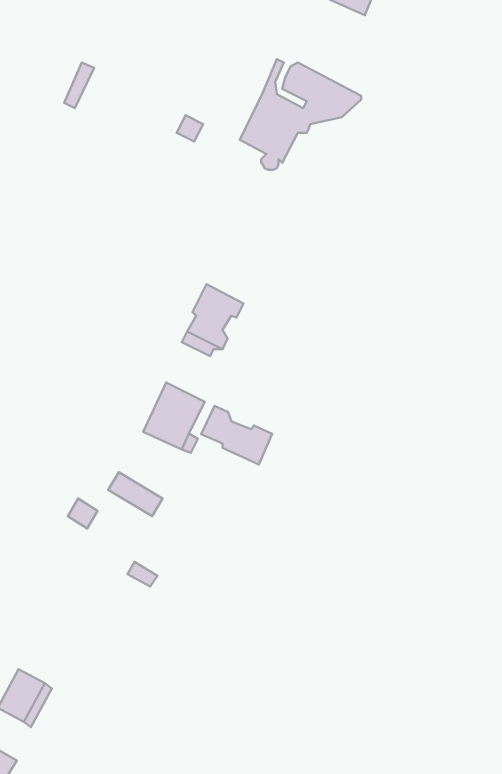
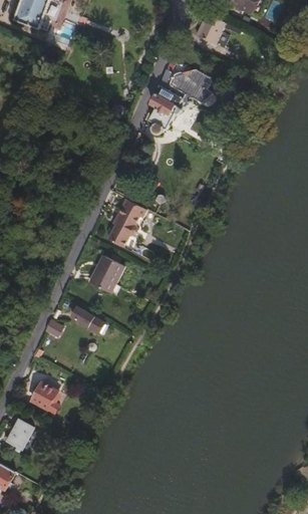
building: [201,406,272,465] -> none
building: none -> [30,381,57,409]

